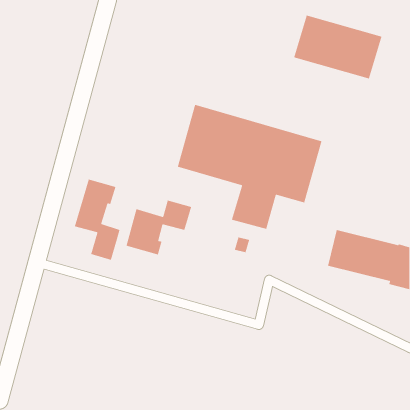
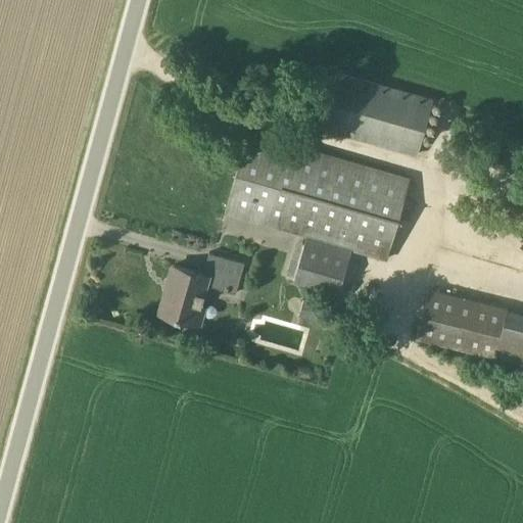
building: [293,15,382,80] -> [320,73,433,155]
building: [74,178,120,261] -> none

